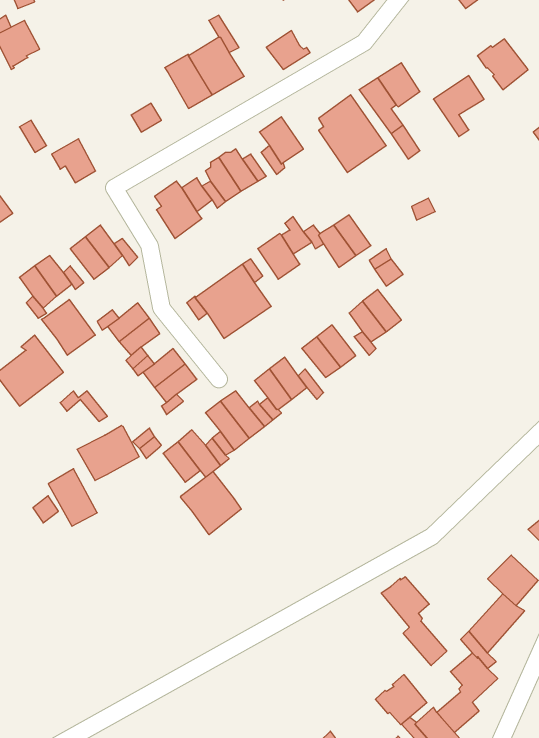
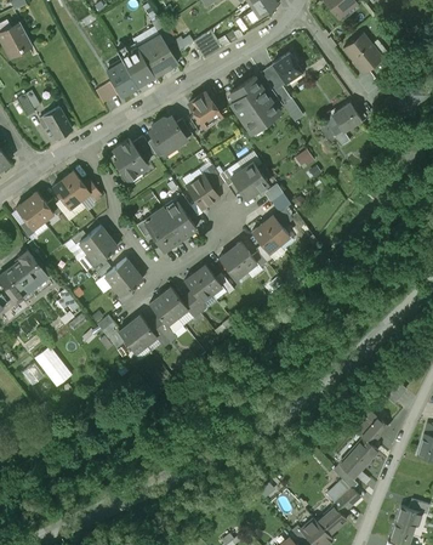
building: none -> [107,61,137,96]
building: [433,76,484,137] -> [325,104,361,148]
building: [41,299,95,355] -> none
building: [77,425,139,481] -> none
building: [181,472,241,535] -> none
building: [381,577,447,666] -> none
building: [375,675,427,725] -> none

